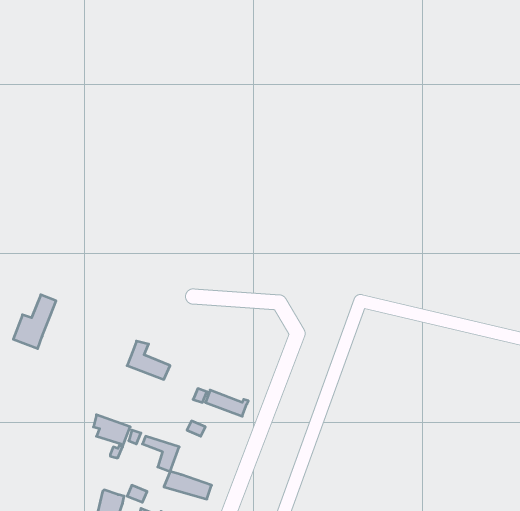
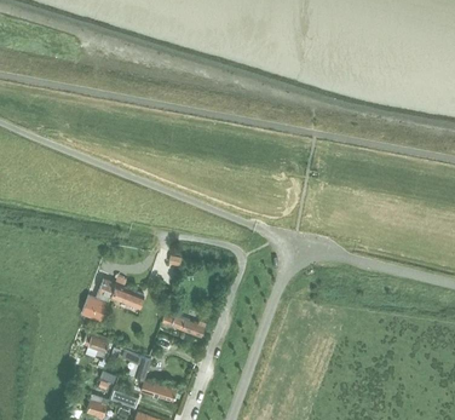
building: [13,295,56,349] -> [82,278,116,321]

